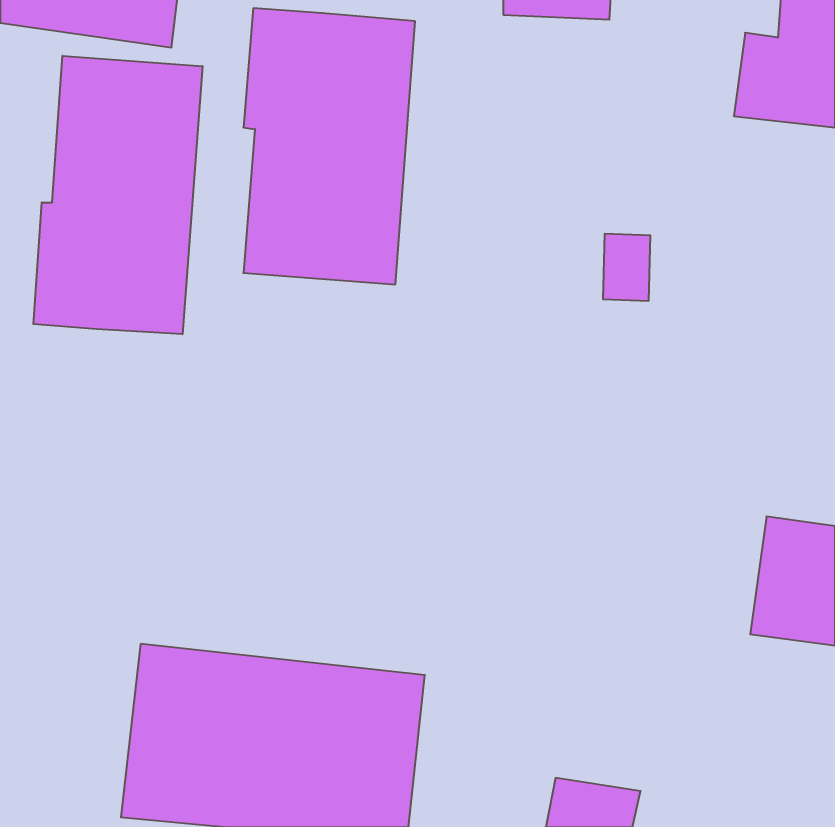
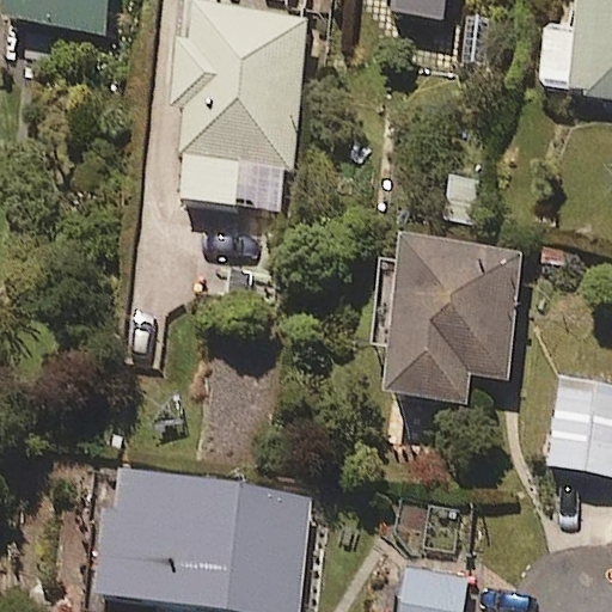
building: [33,56,202,334] -> none
building: none -> [385,238,520,402]

